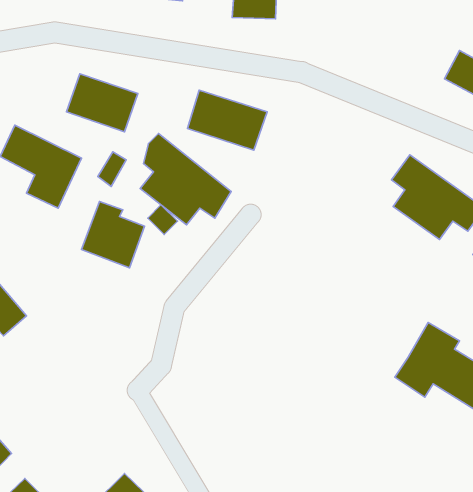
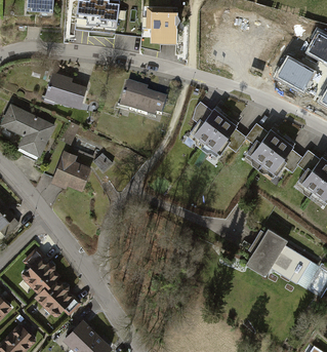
building: [140,134,231,225] -> [190,101,246,157]
building: none -> [23,249,84,318]

